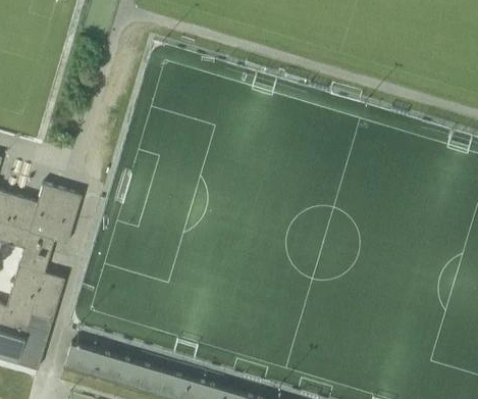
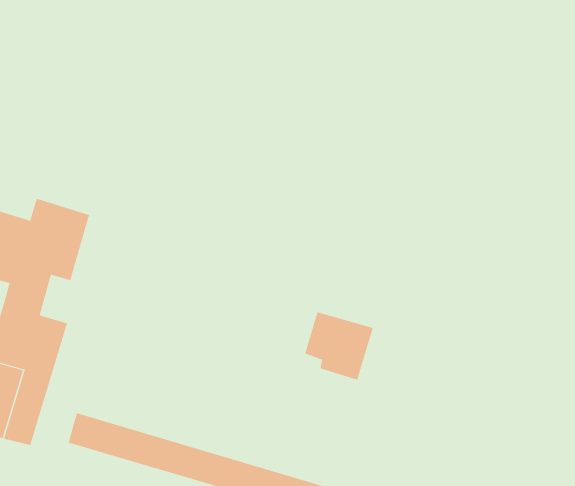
building: none -> [304,311,373,381]

